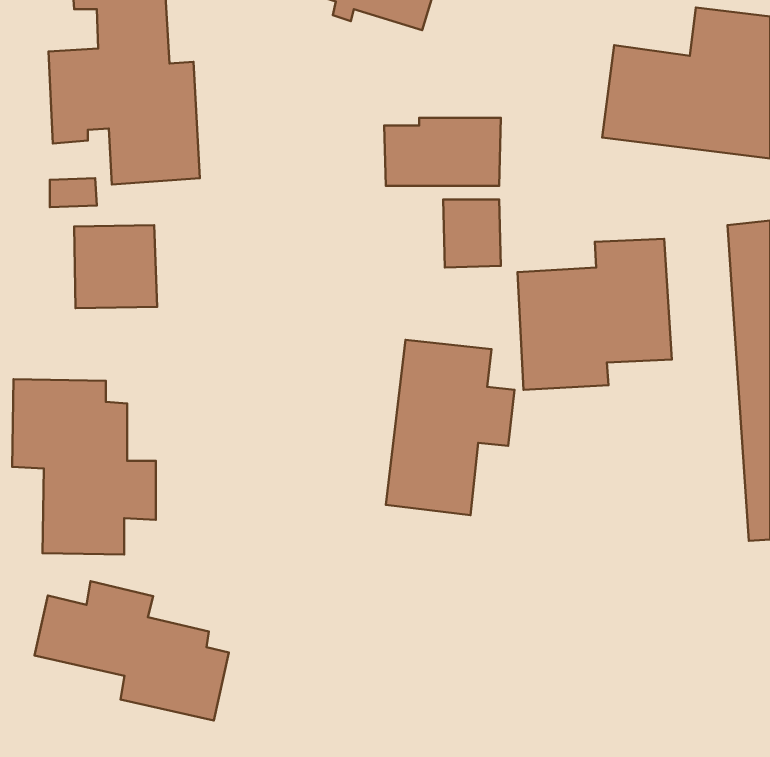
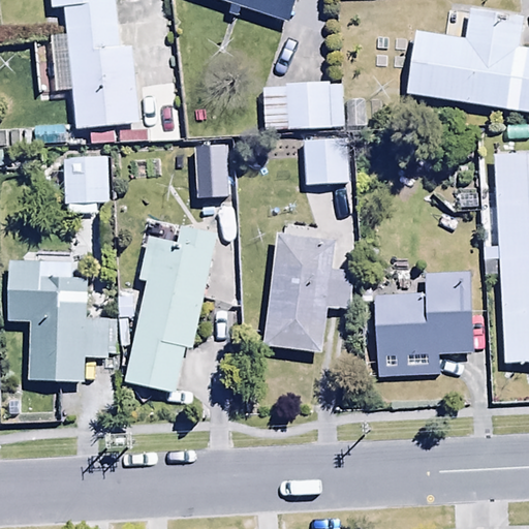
building: none -> [195,138,227,187]
building: [518,239,672,390] -> [379,275,485,378]
building: none -> [123,224,219,393]
building: [35,581,229,720] -> none

